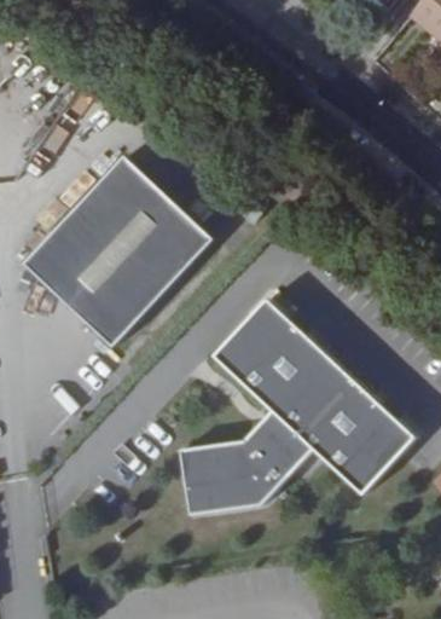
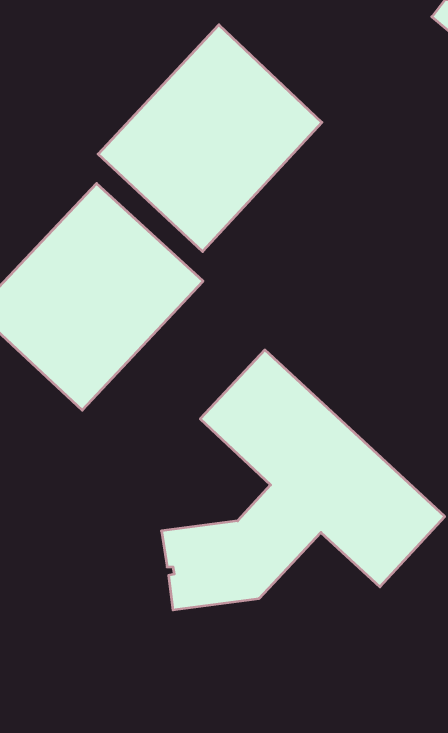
building: none -> [98,25,322,252]

